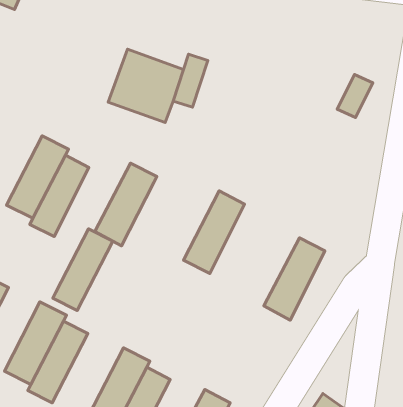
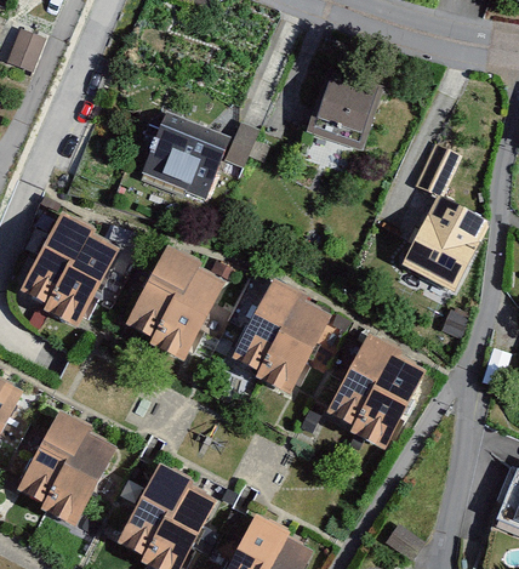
building: none -> [314,67,382,137]
building: none -> [400,193,485,289]
building: none -> [258,300,329,397]
building: [53,229,113,311] -> [153,267,224,364]
building: none -> [354,355,424,453]

